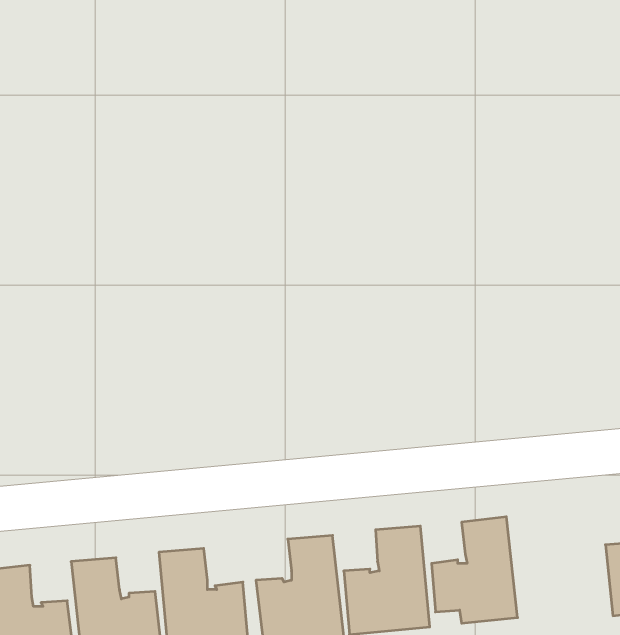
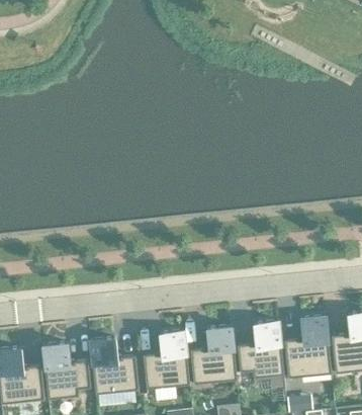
building: none -> [284,316,332,378]

